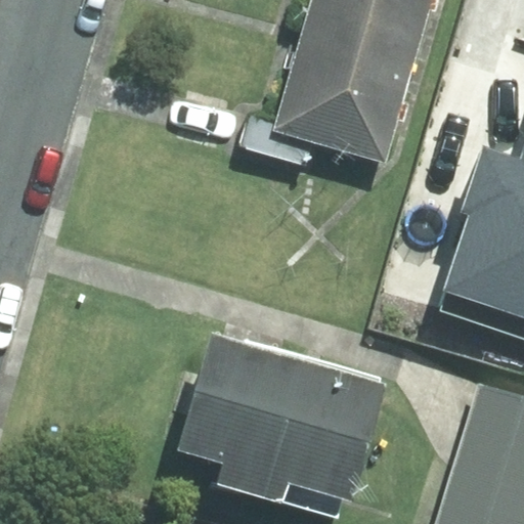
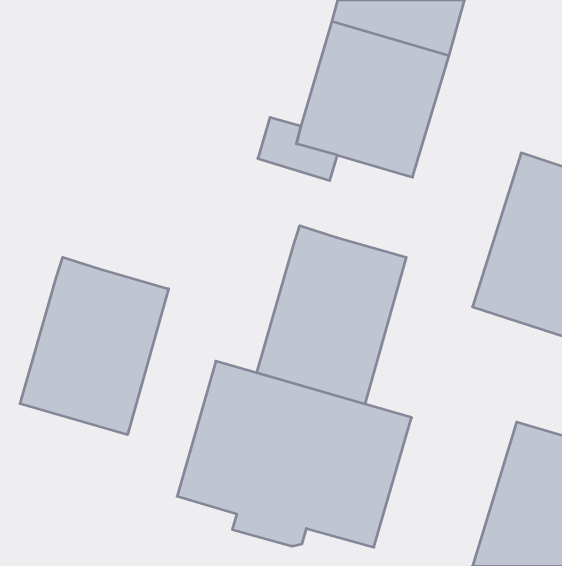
building: none -> [257,226,406,404]
building: none -> [20,257,169,435]

